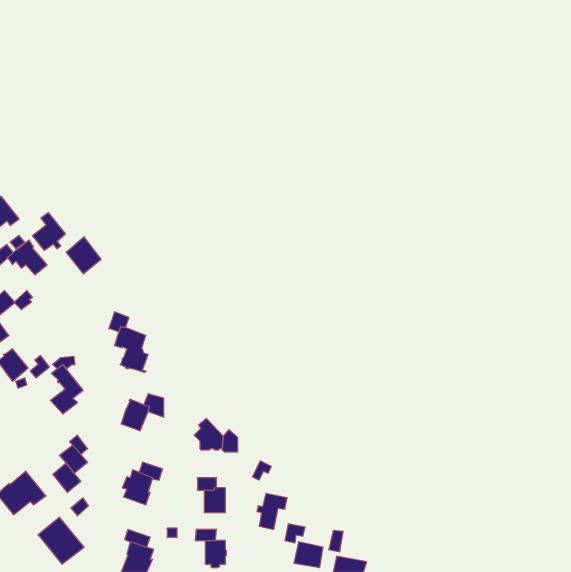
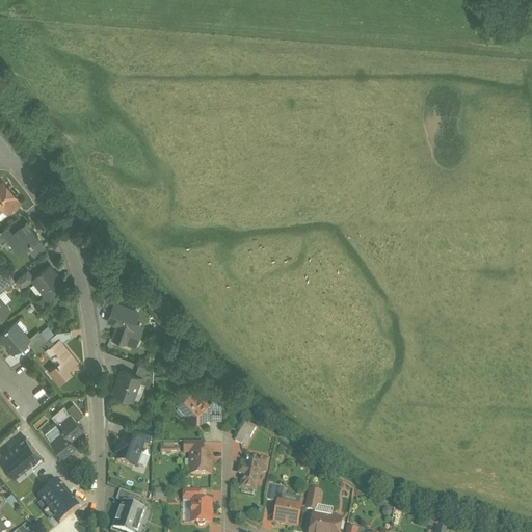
building: [32,212,65,250] -> none
building: [66,237,101,274] -> [31,264,63,298]

